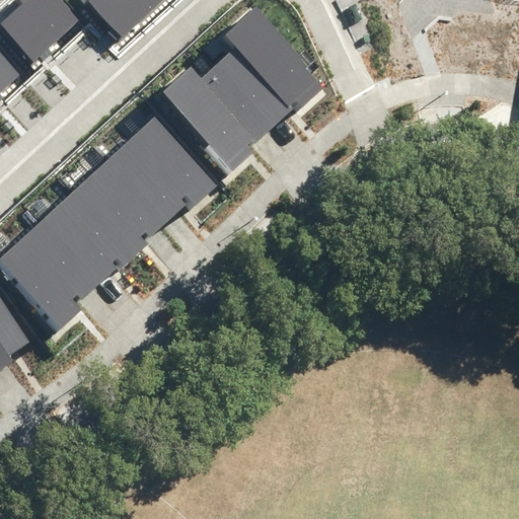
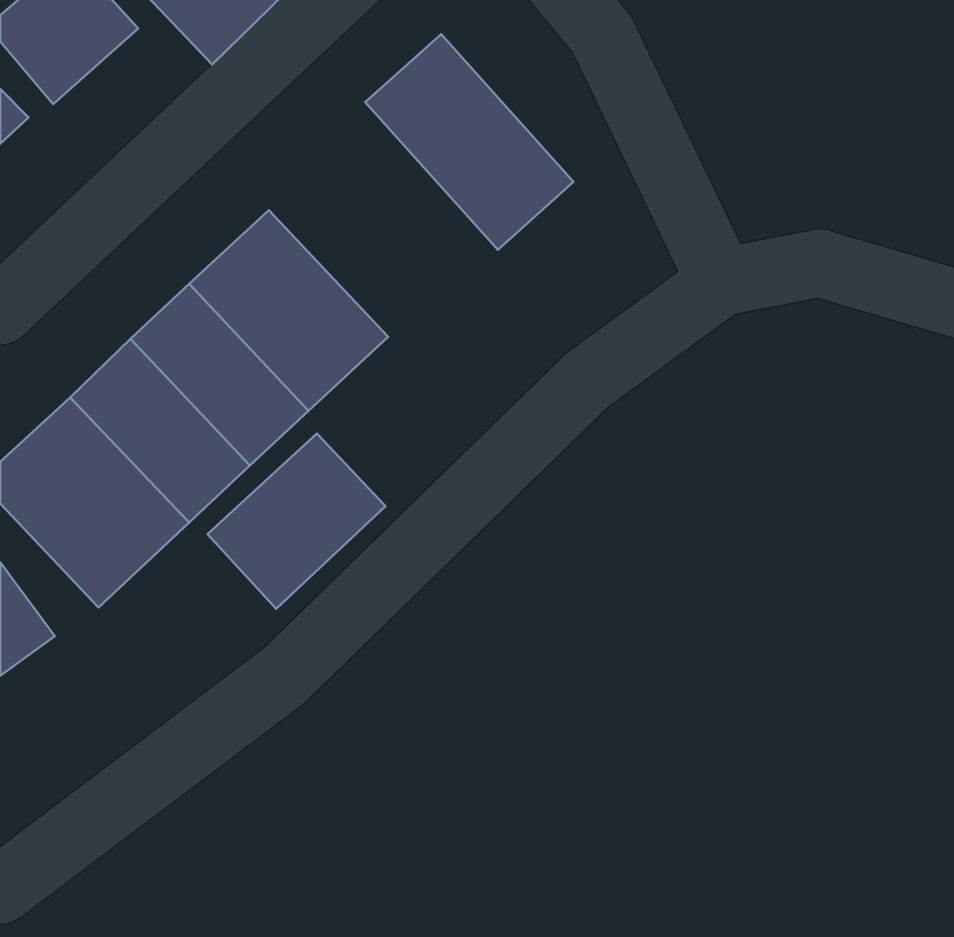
building: [157,55,274,173] -> none
building: none -> [208,433,385,609]

